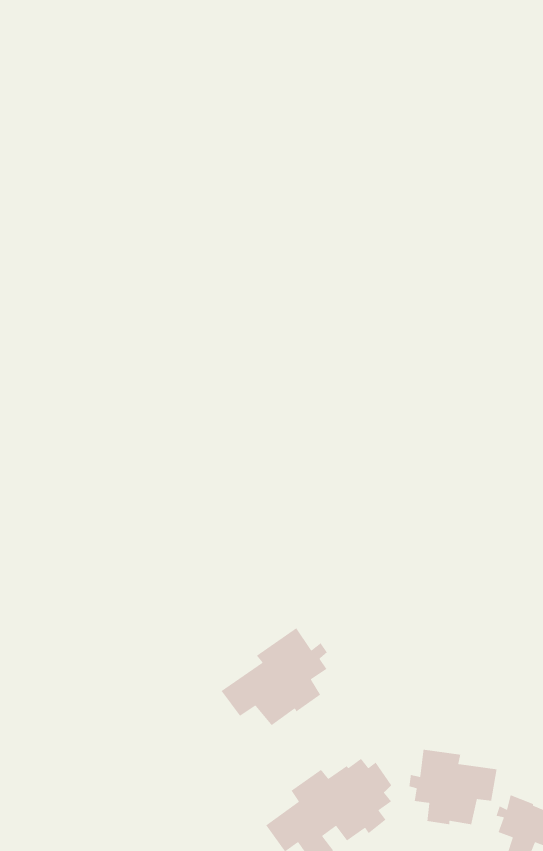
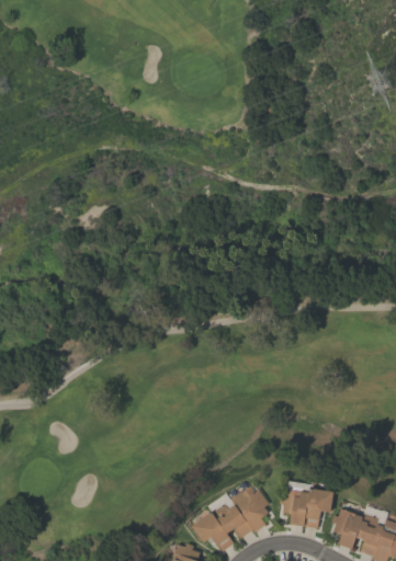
building: [221,627,328,726] -> none

